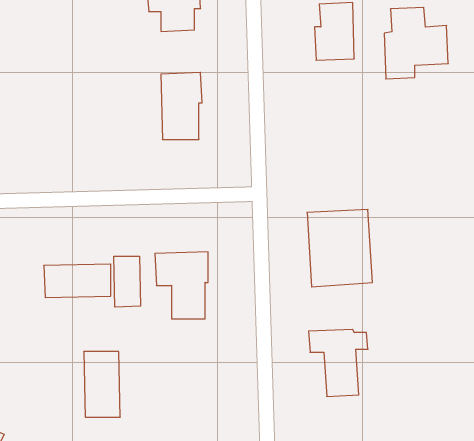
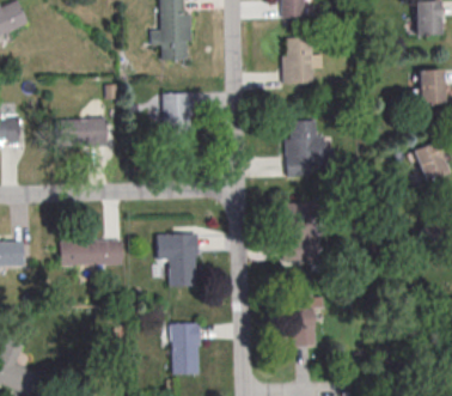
building: [384,7,448,79] -> [286,118,336,175]
building: none -> [54,121,106,147]
building: [114,256,140,307] -> none
building: [84,352,120,417] -> [171,322,200,373]

